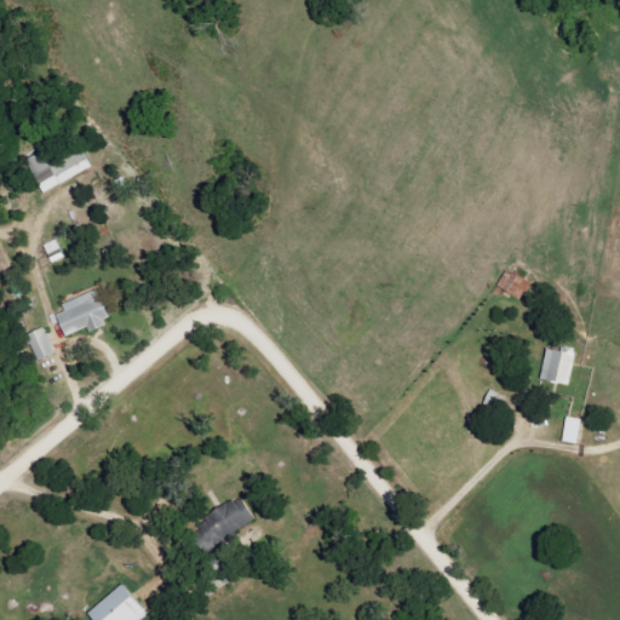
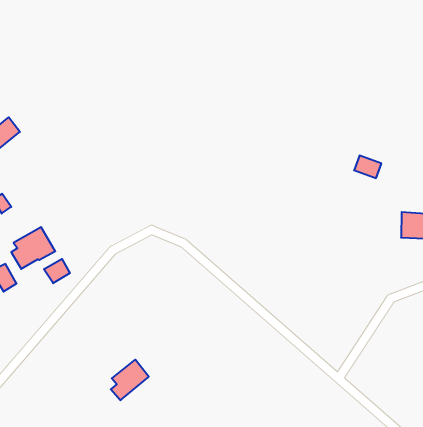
building: none -> [44,259,70,283]
building: [203,495,253,542] -> [111,360,149,400]

